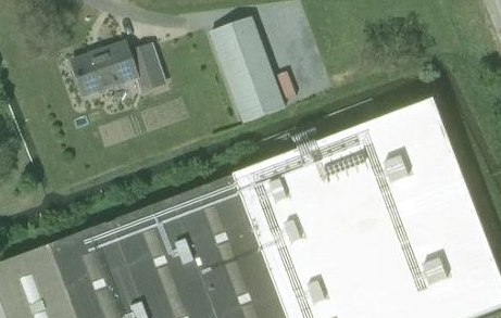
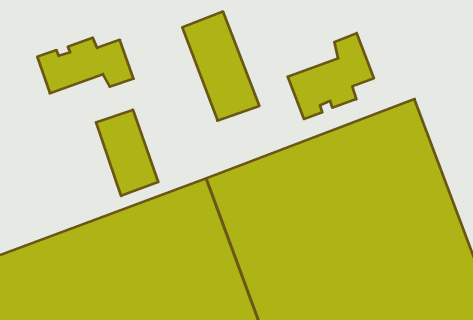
building: none -> [288,33,374,119]
building: none -> [96,110,158,196]

